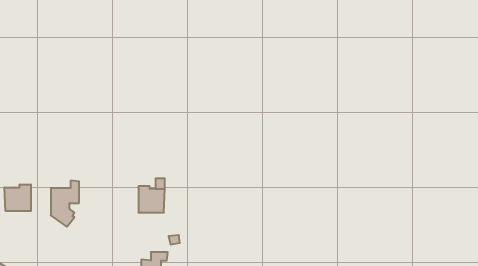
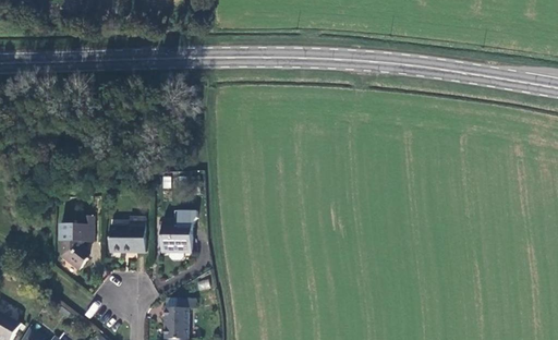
building: none -> [108,216,144,251]
building: [5,184,31,211] -> none

